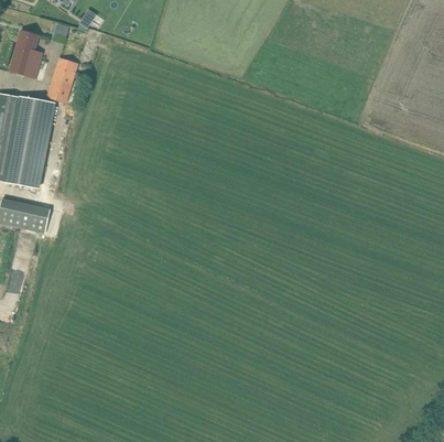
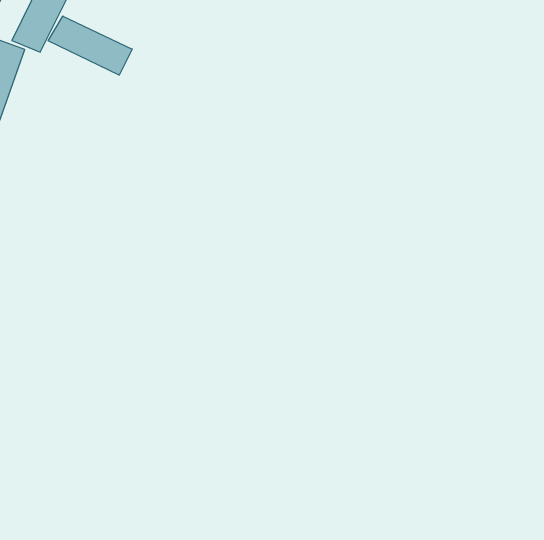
building: none -> [48,16,132,75]

